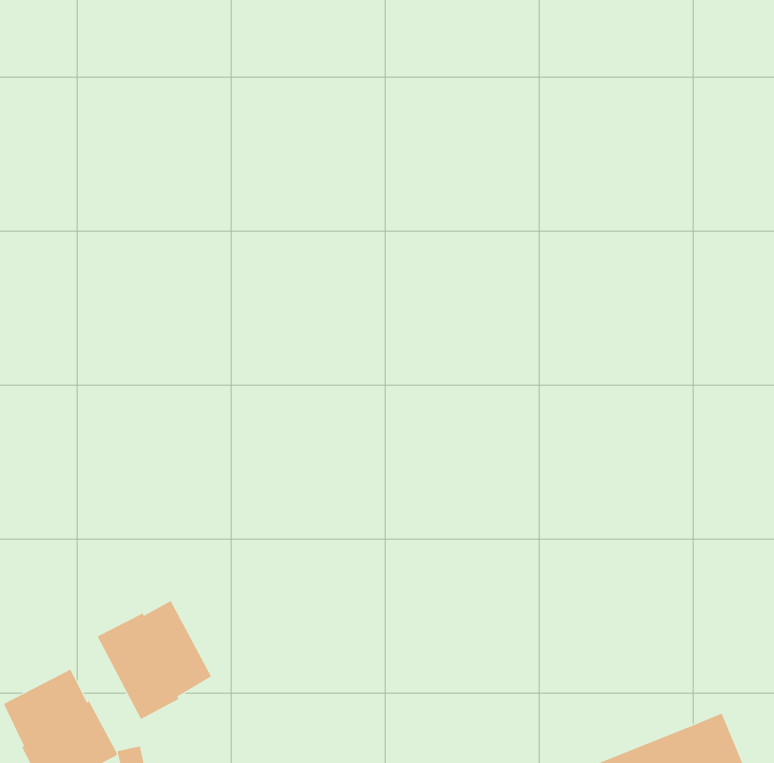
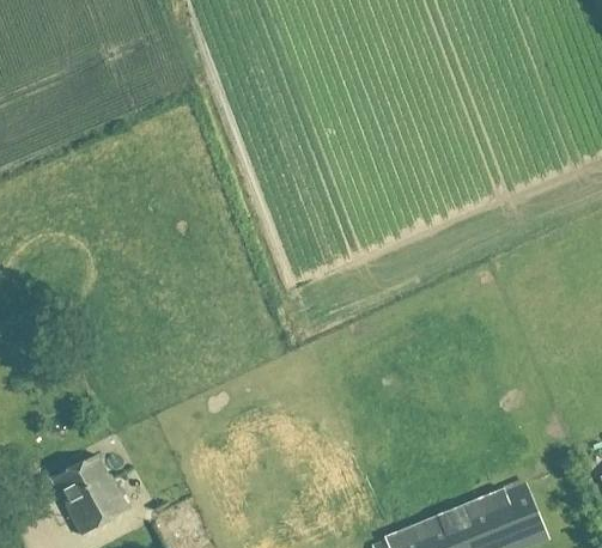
building: [97,600,212,720] -> none

